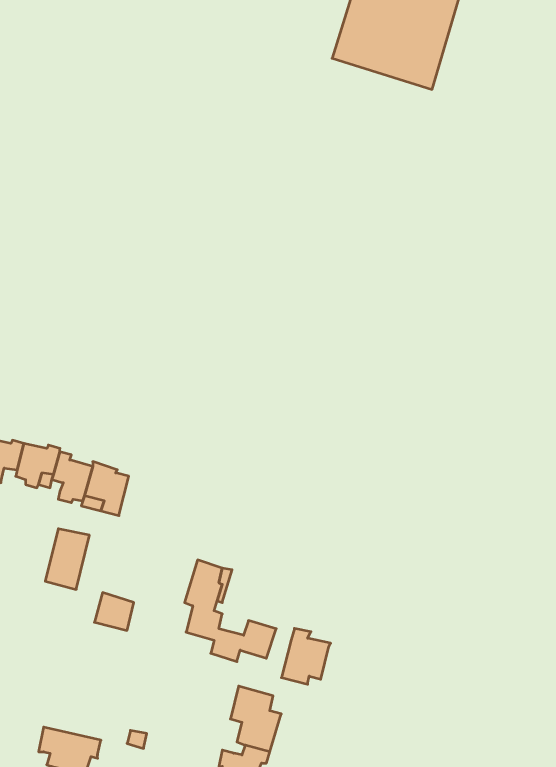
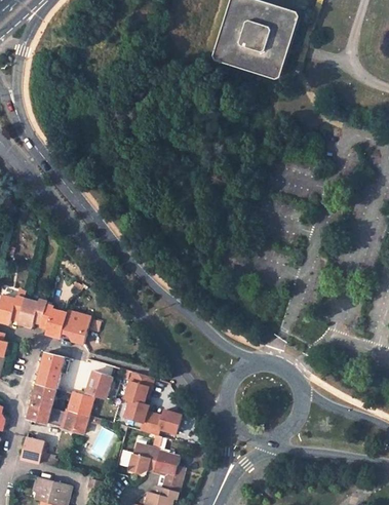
building: none -> [86,372,112,399]
building: none -> [27,385,55,424]
building: none -> [62,411,87,433]
building: [281,628,331,684] -> [127,439,158,474]
building: none -> [20,438,43,463]

